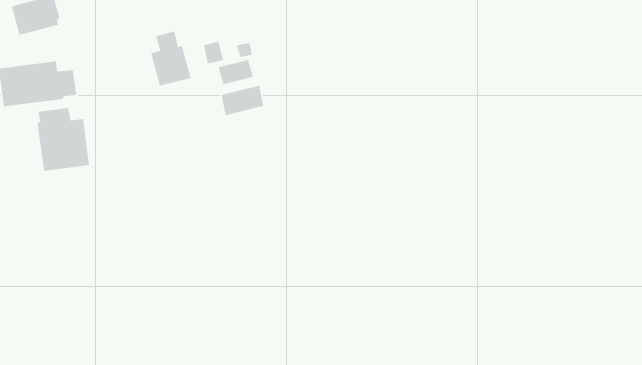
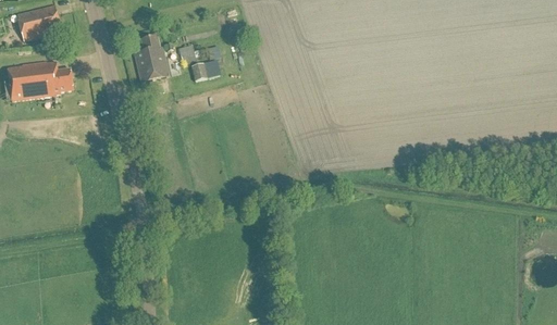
building: [221,85,264,116] -> none
building: [36,107,90,172] -> none

